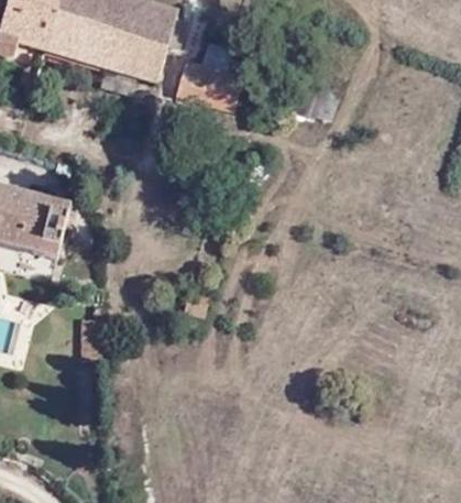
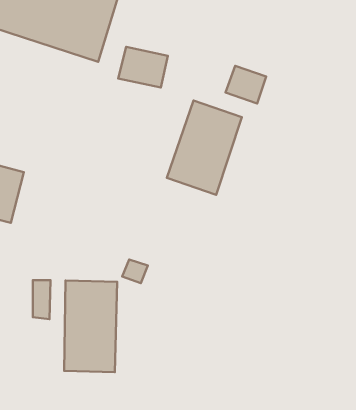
building: none -> [167,100,242,195]
building: none -> [64,281,117,372]

